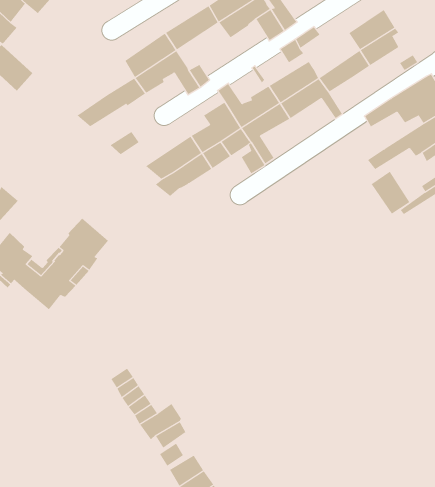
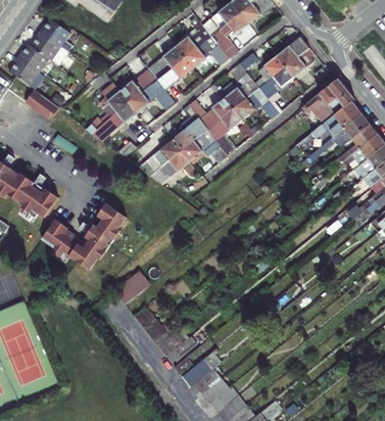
building: none -> [157,57,194,91]
building: none -> [255,55,286,89]
building: none -> [102,83,130,116]
building: [371,171,410,214] -> none
building: none -> [114,271,149,305]

